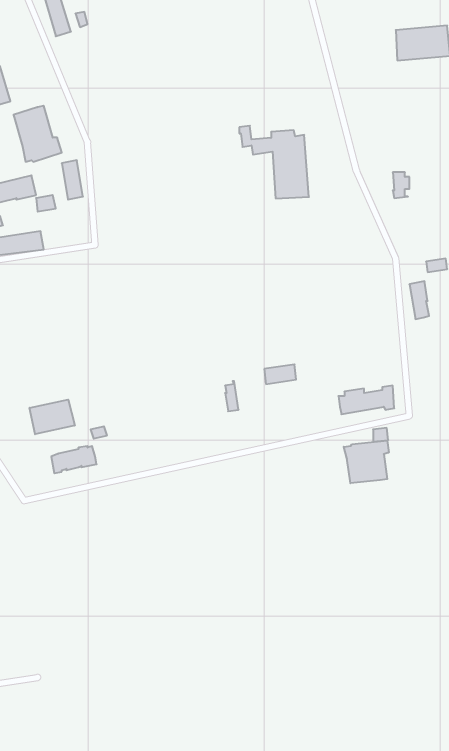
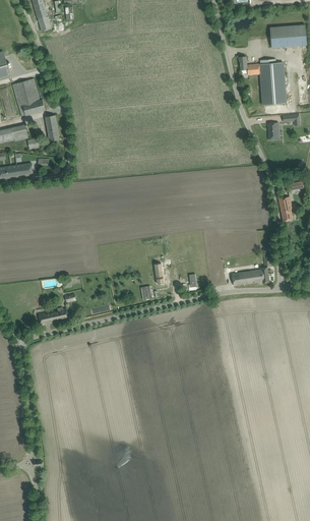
building: [239,126,309,198] -> [238,56,285,105]
building: [30,400,75,434] -> none
building: [344,441,389,483] -> none

